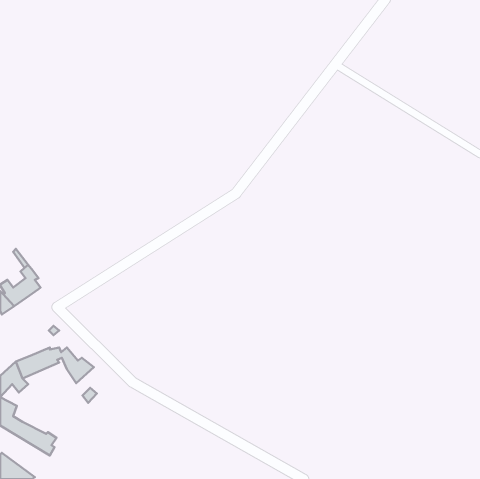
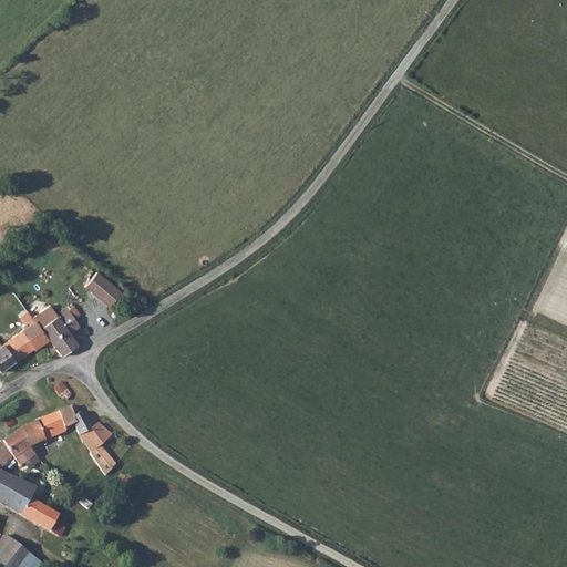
building: none -> [87,276,121,308]
building: none -> [39,307,82,353]

